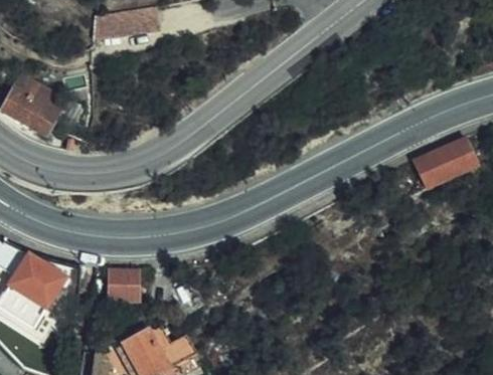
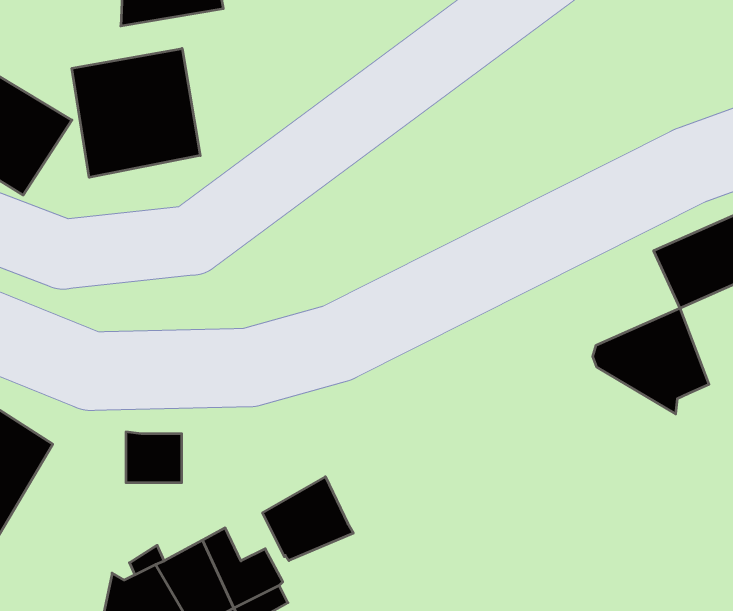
building: none -> [72,48,200,177]
building: none -> [593,308,709,414]
building: none -> [263,477,353,561]

